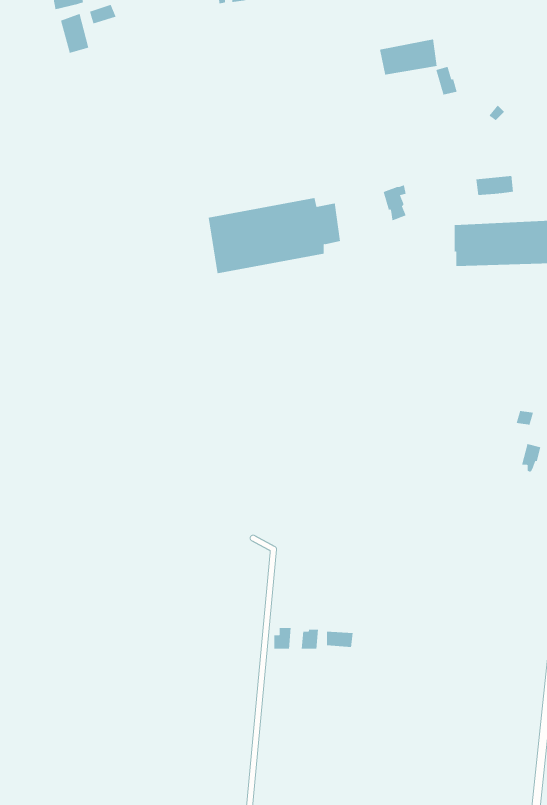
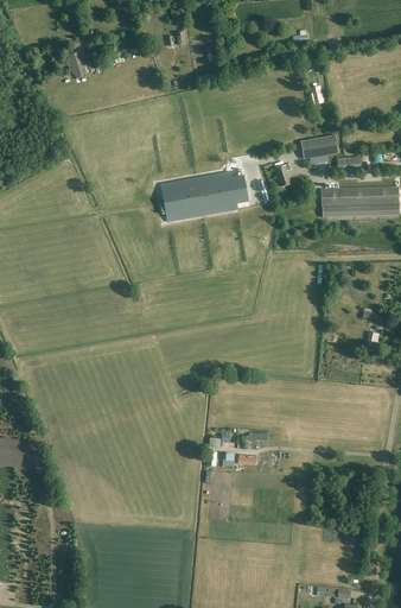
building: [379,39,437,75] -> [300,134,338,158]

